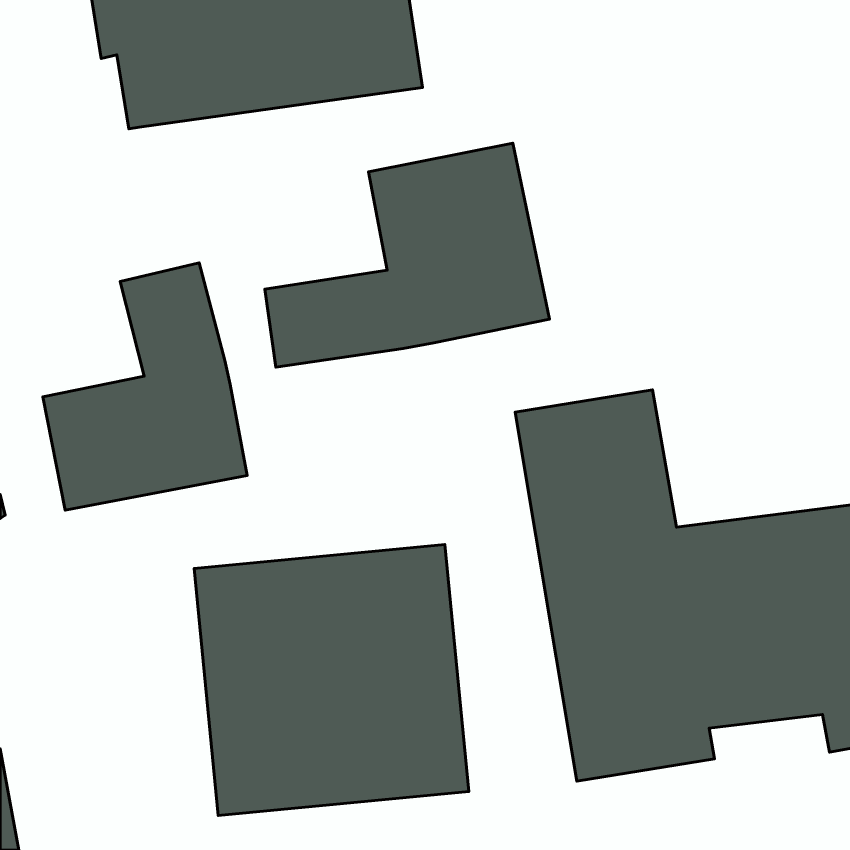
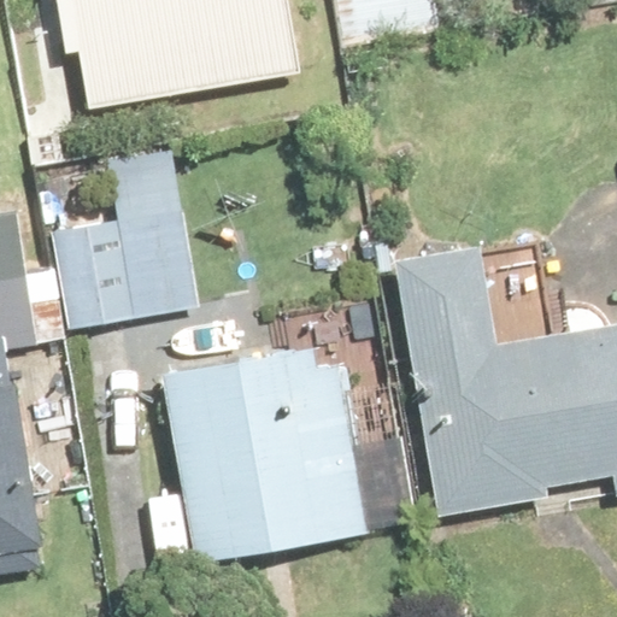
building: [265,143,549,367] -> none

